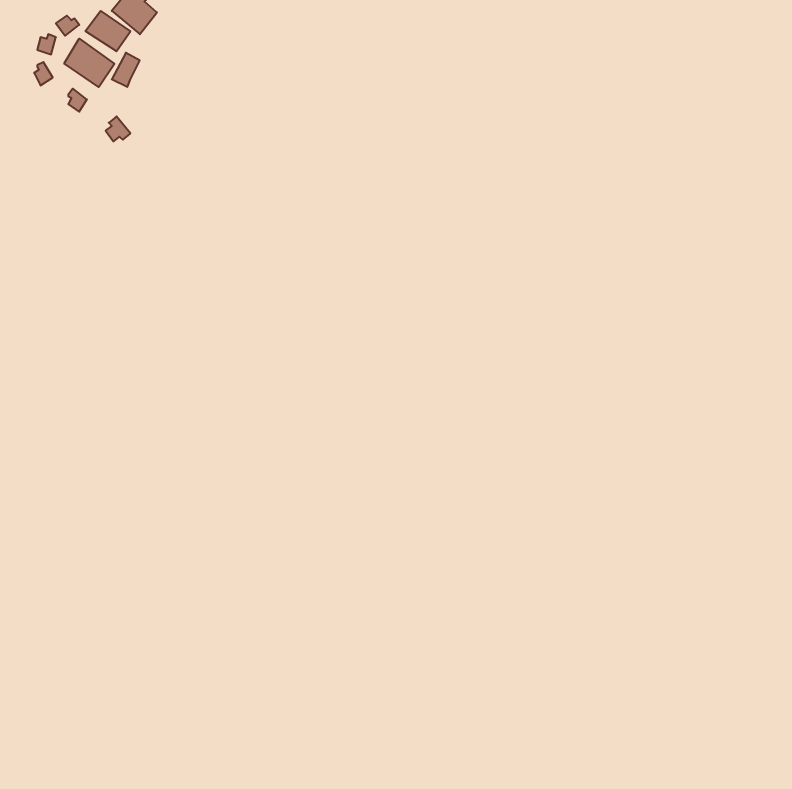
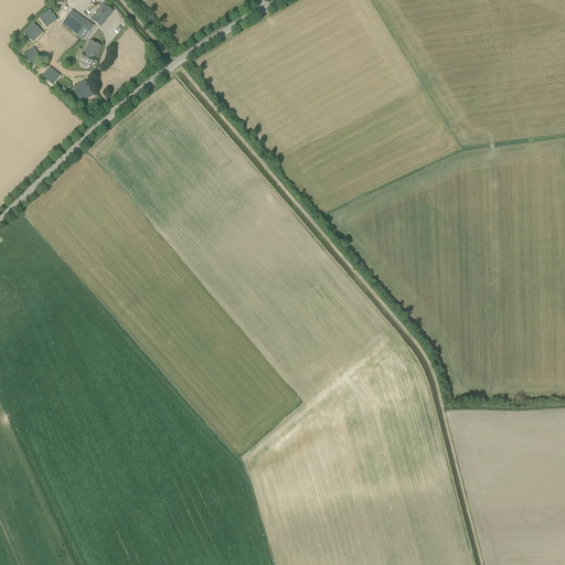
building: [64,39,114,87] -> none

